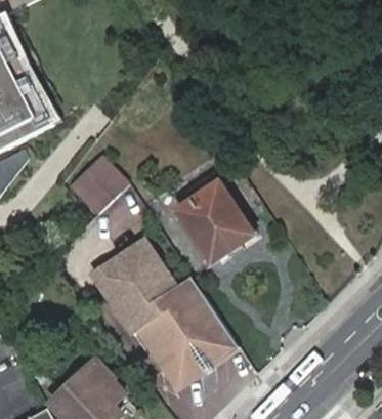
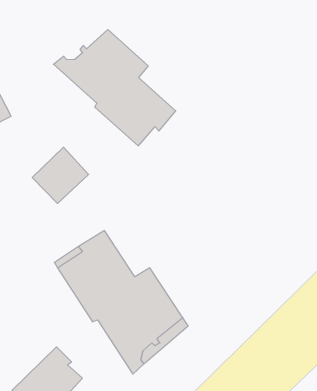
building: none -> [53,30,176,146]
building: [173,174,250,263] -> none

